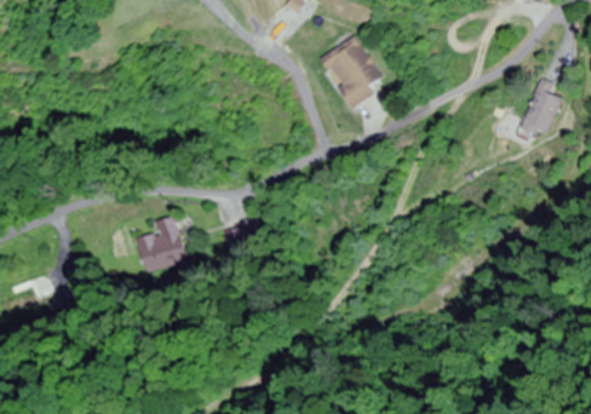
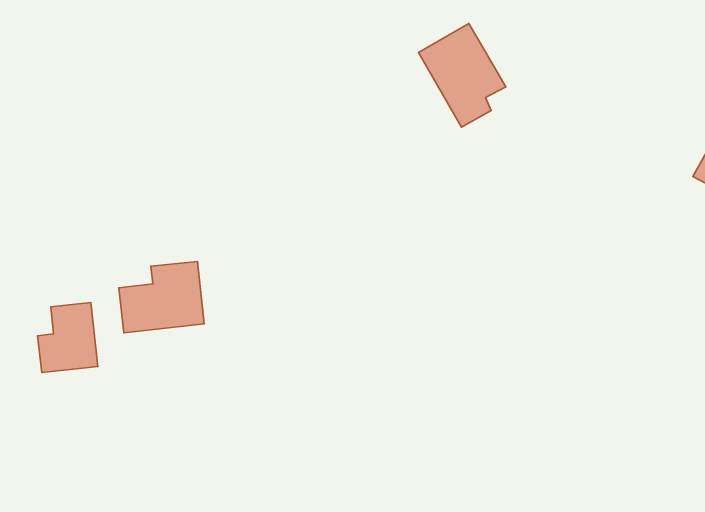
building: none -> [37,302,98,373]

